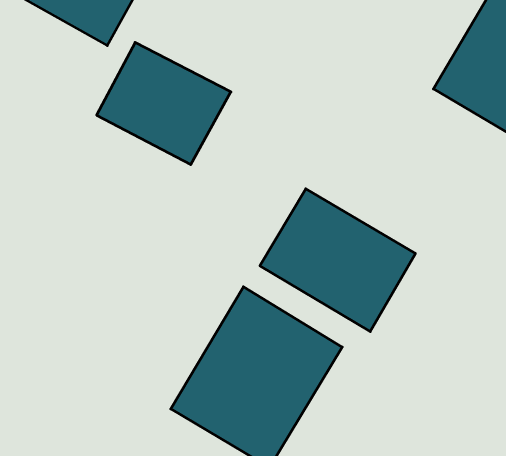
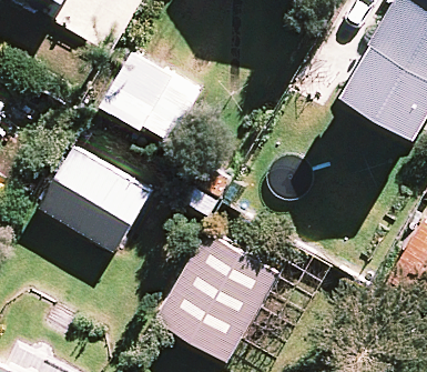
building: none -> [40,148,151,251]
building: [260,189,415,332] -> none

